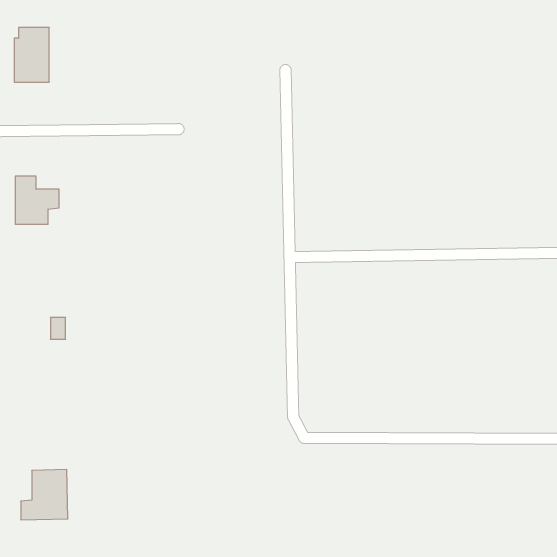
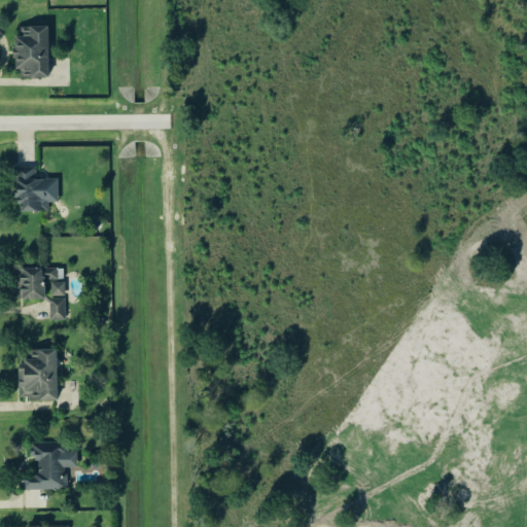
building: none -> [17,267,64,298]
building: none -> [20,349,57,399]

